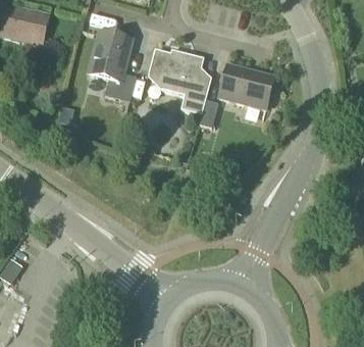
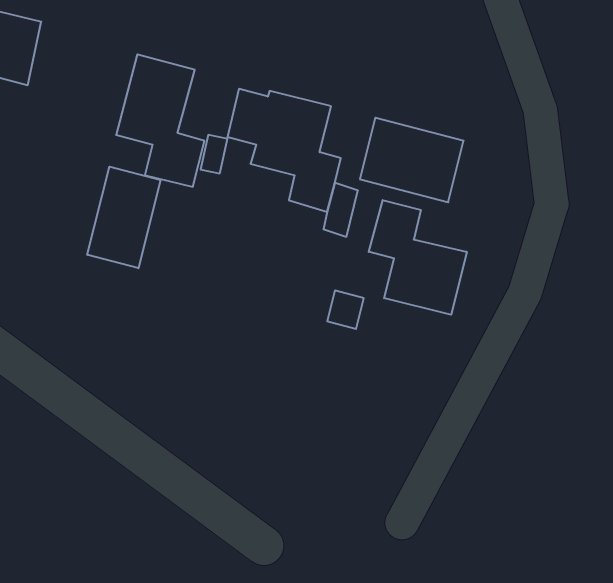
building: none -> [87,167,160,268]
building: none -> [369,200,467,315]

